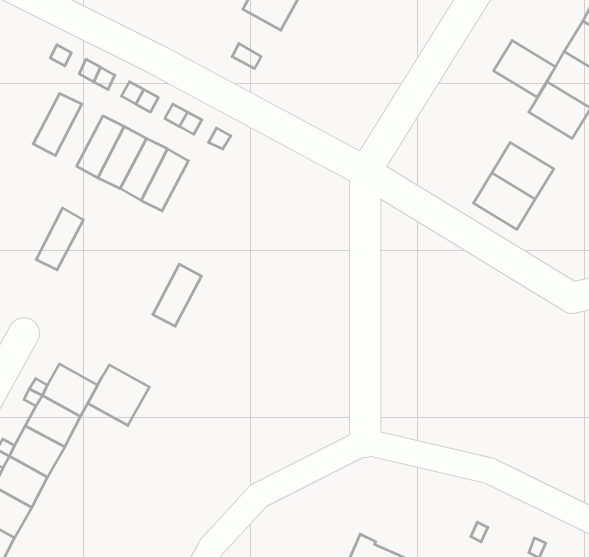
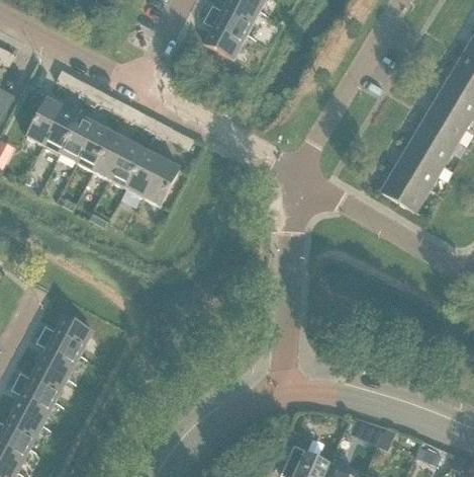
building: [494,40,556,97] -> [409,120,457,163]
building: none -> [26,96,64,144]
building: [36,208,83,270] -> [61,113,97,161]
building: [153,264,202,326] -> [143,157,180,205]
building: [88,365,149,426] -> none

